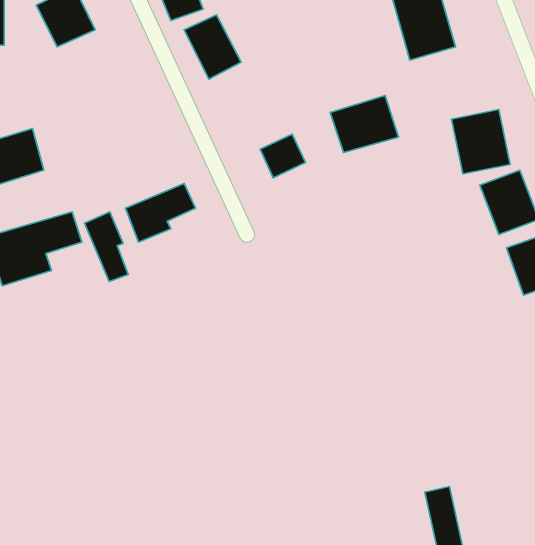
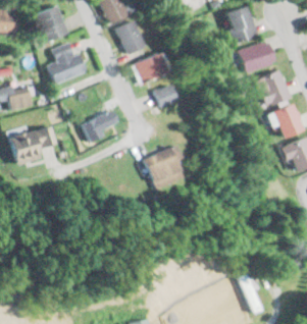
building: none -> [46,42,87,84]
building: none -> [132,53,166,82]
building: [330,96,399,152] -> [239,41,275,71]
building: [85,212,128,281] -> none
building: none -> [139,146,178,190]

